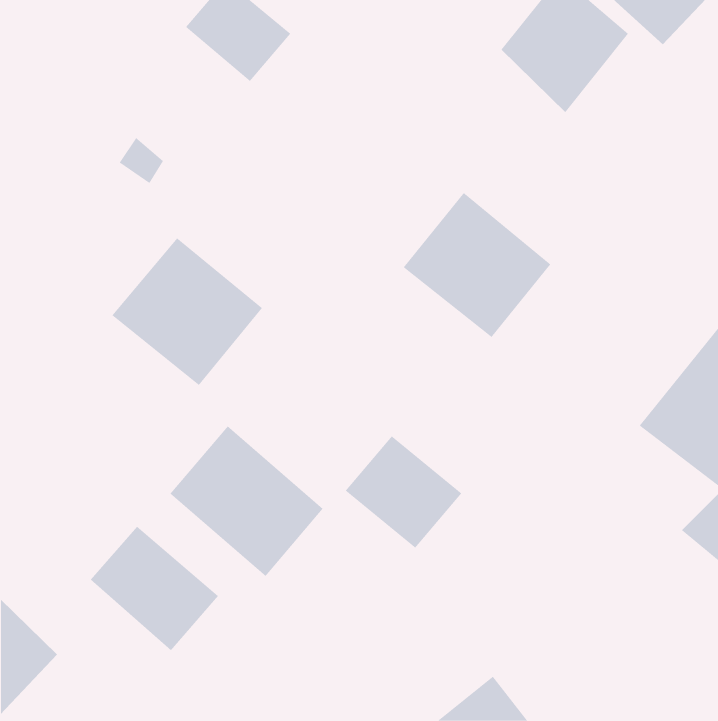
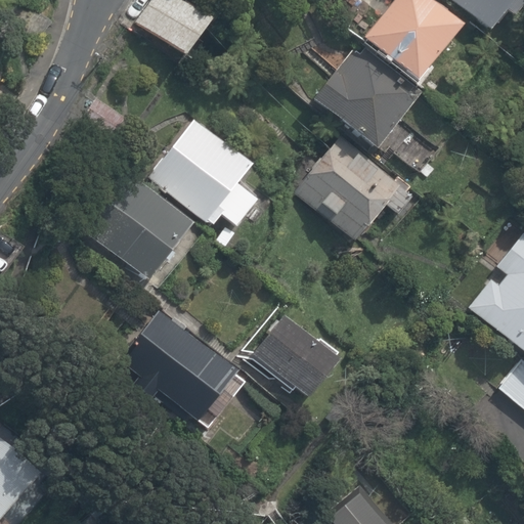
building: none -> [316,49,419,151]
building: none -> [156,120,258,222]
building: [90,526,219,651] -> none

